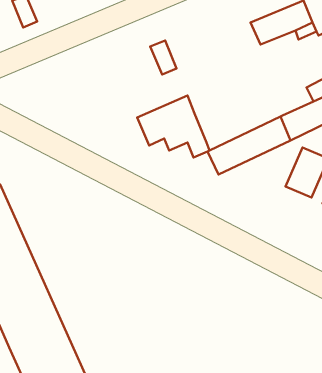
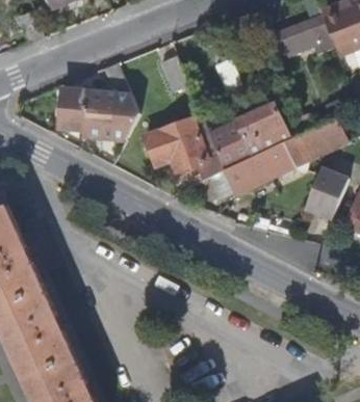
building: none -> [60,63,139,142]
building: none -> [208,101,300,170]

